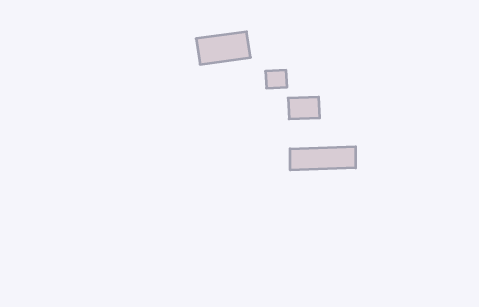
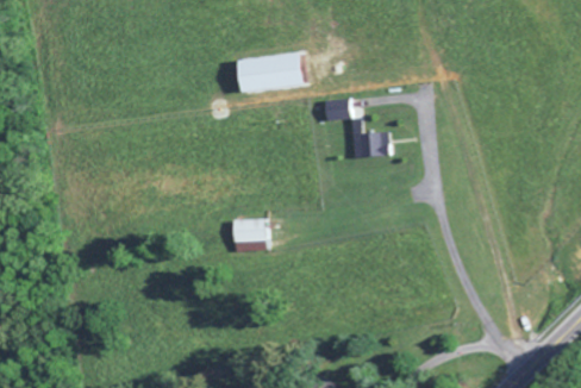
building: [290,147,356,170] -> none
building: none -> [233,219,265,251]

